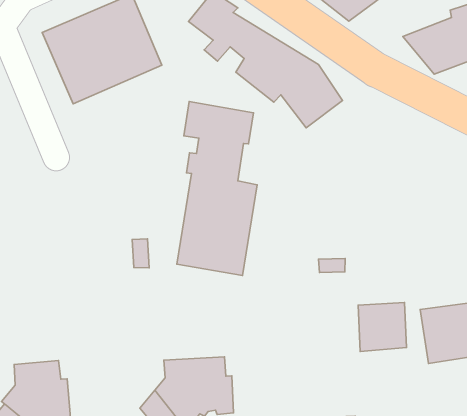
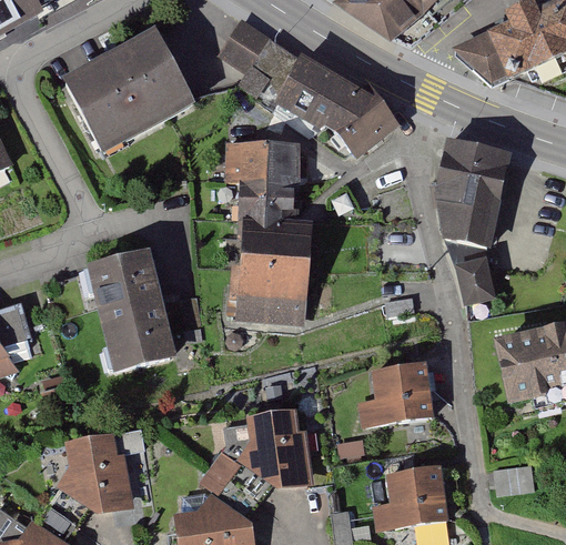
building: none -> [433,139,507,245]
building: none -> [87,252,178,374]
building: none -> [457,258,492,304]
building: [358,302,406,351] -> [376,362,433,420]

